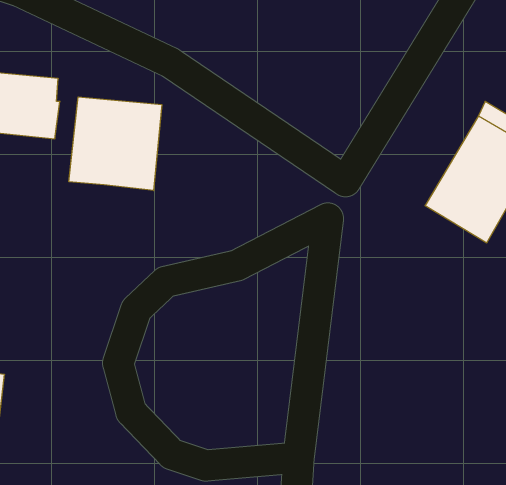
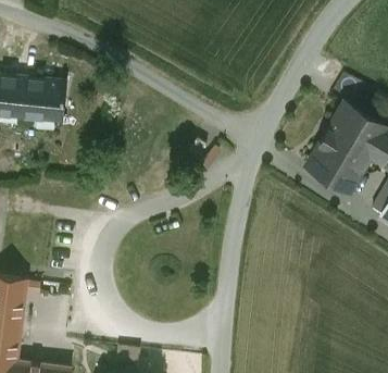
building: [69,97,162,191] -> none

